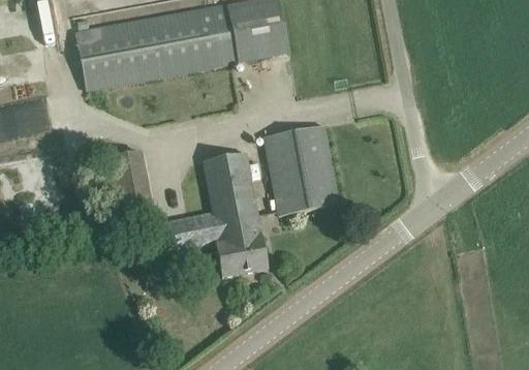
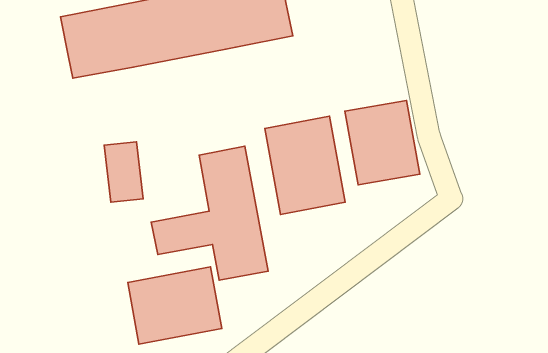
building: none -> [345,101,420,185]
building: none -> [128,267,222,344]

